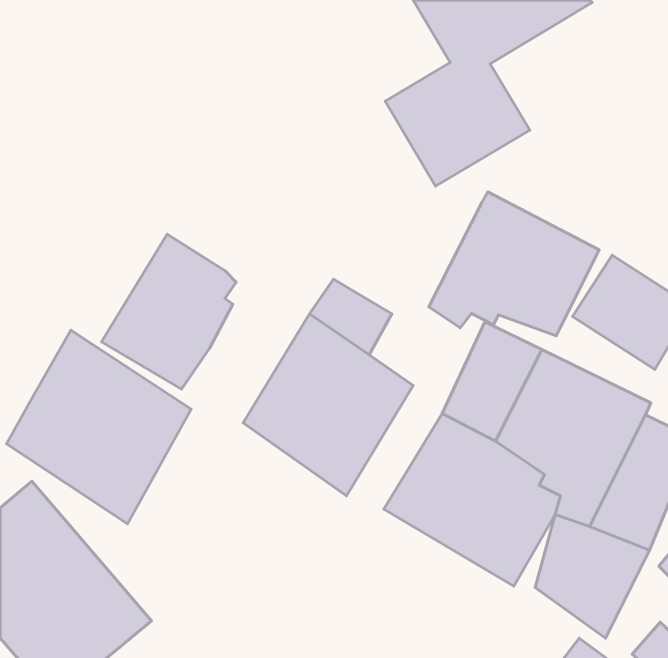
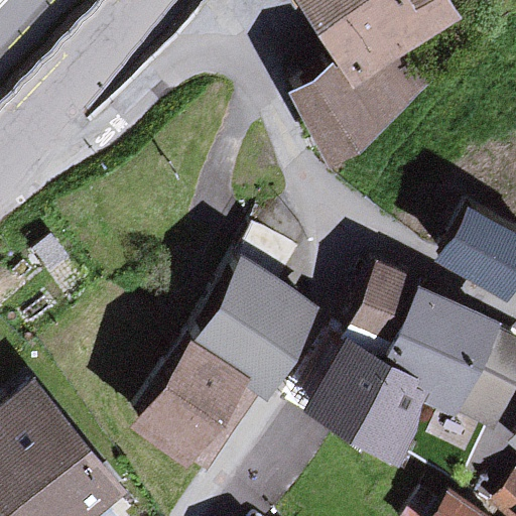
building: [429,192,599,336] -> none
building: [101,234,236,389] -> none
building: [6,330,191,524] -> none
building: none -> [136,347,249,464]

